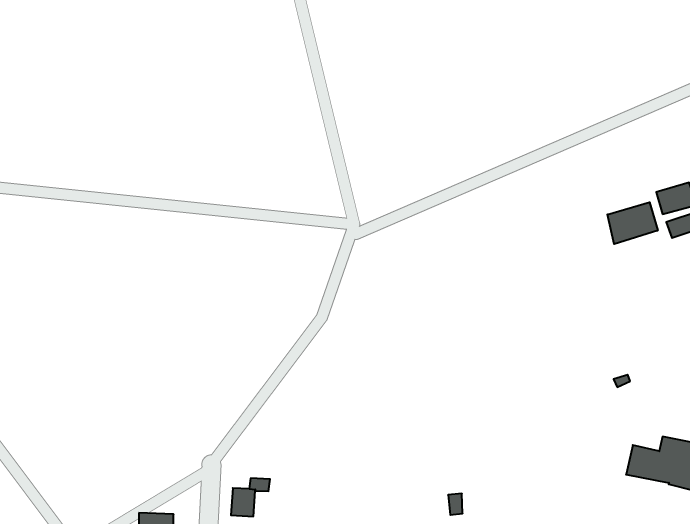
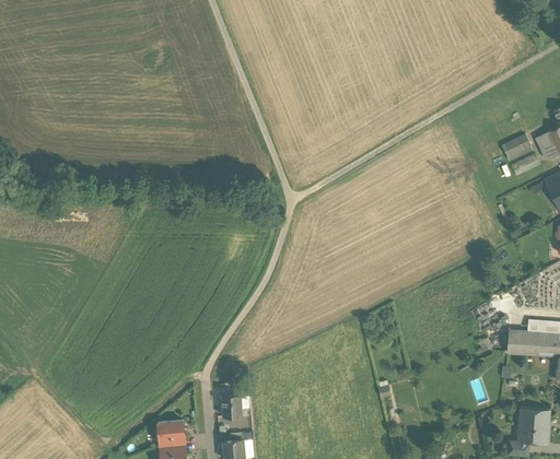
building: [607,202,658,244] -> none

